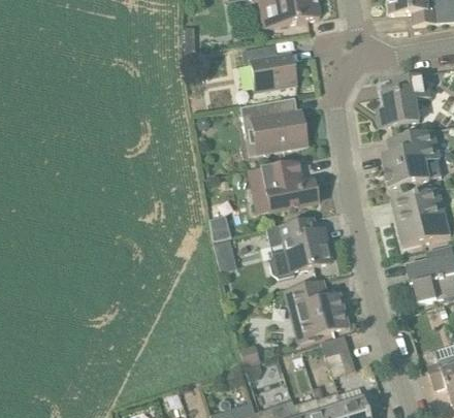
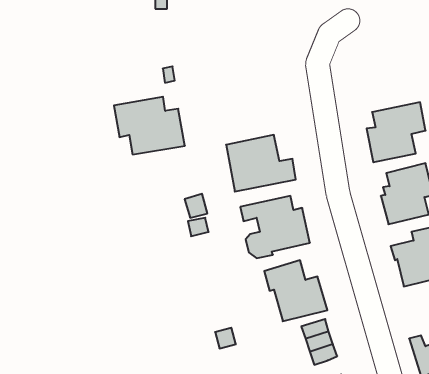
building: [235,45,297,90] -> none
building: [382,72,431,126] -> none
building: [240,98,307,153] -> [114,97,185,154]

